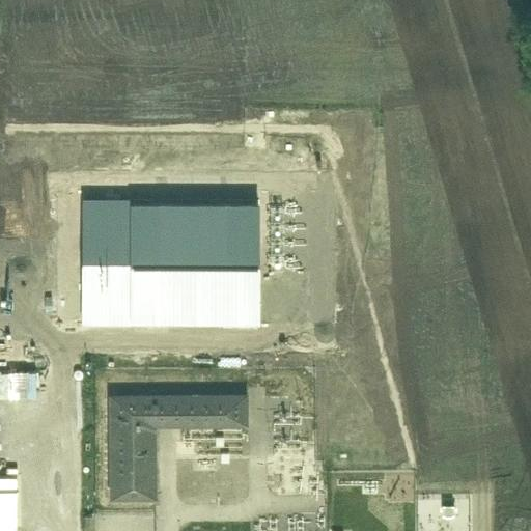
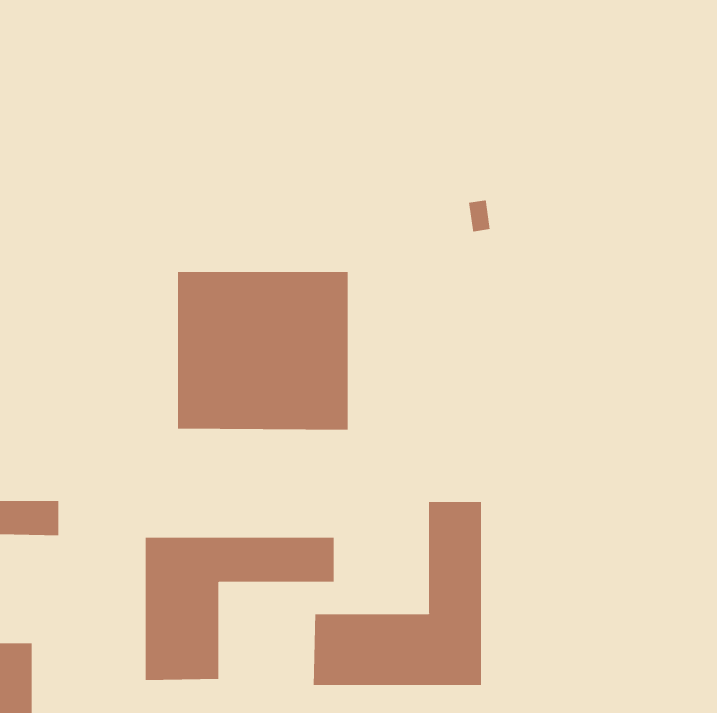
building: [82,204,131,320] -> none
building: none -> [313,501,481,686]

